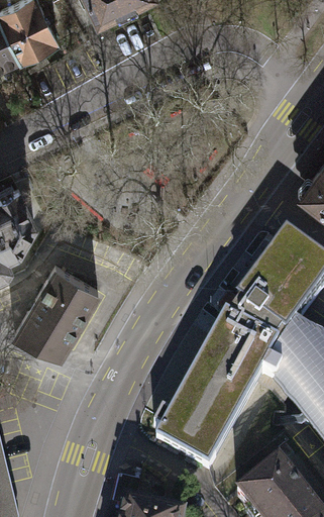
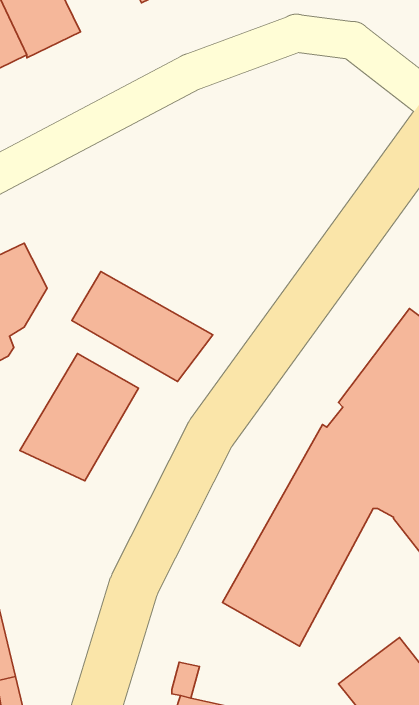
building: none -> [72,271,213,382]

